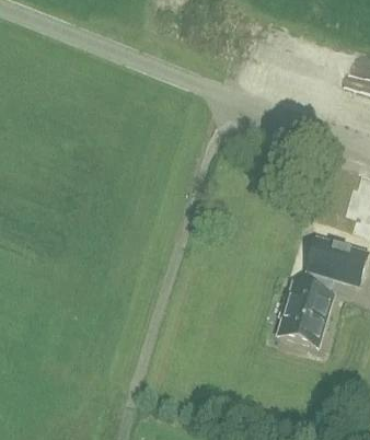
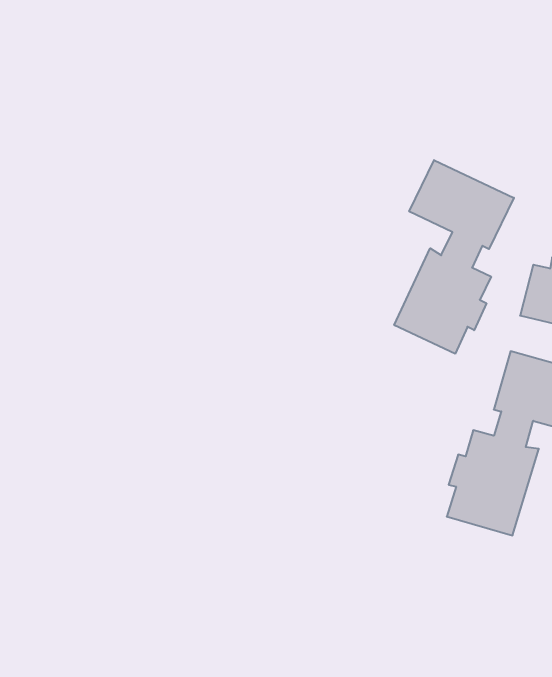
building: none -> [394,160,514,354]

